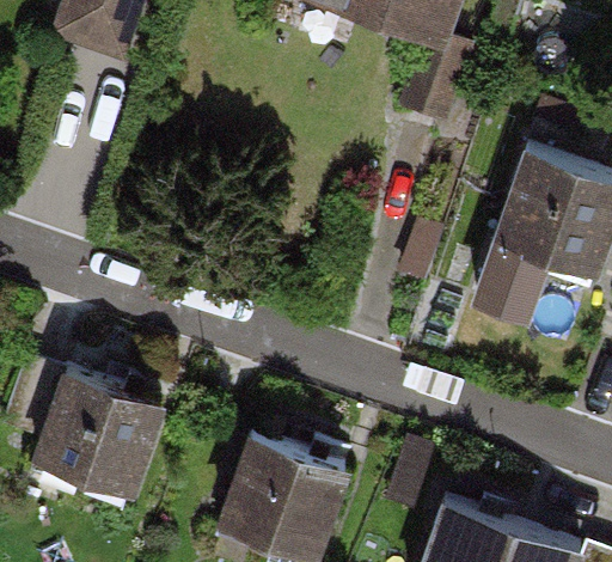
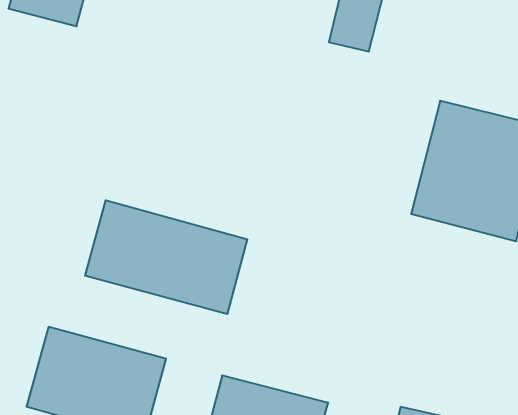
building: none -> [85,200,247,314]

